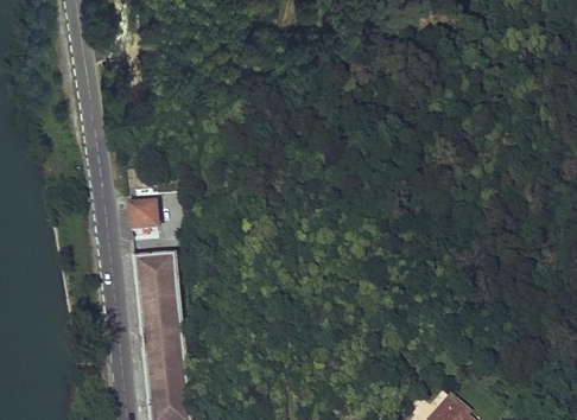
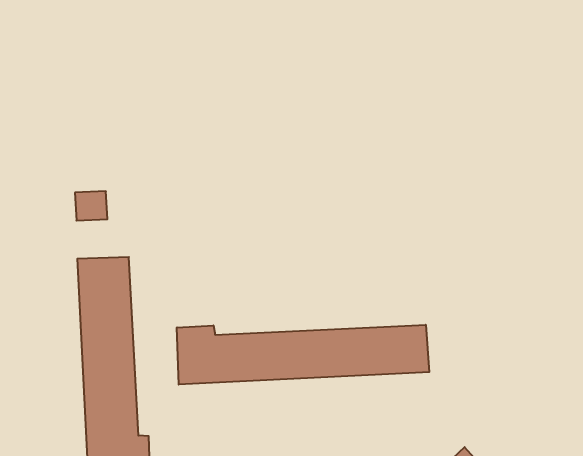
building: none -> [177,325,429,385]

